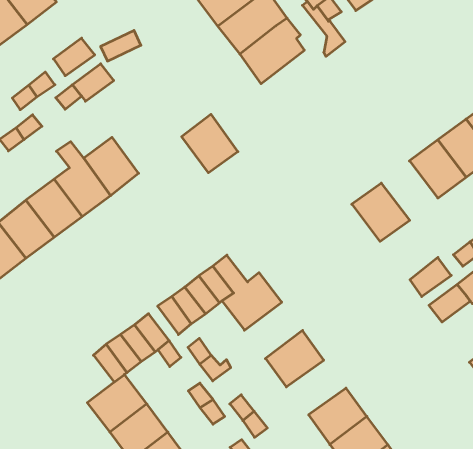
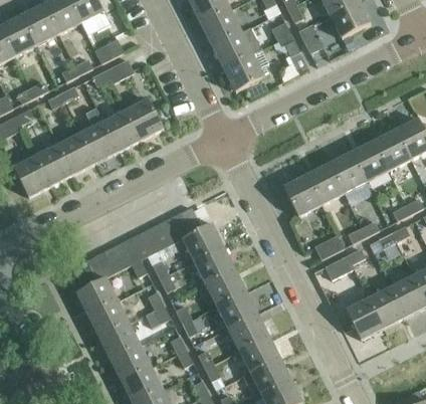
building: [182,114,238,173] -> [126,98,163,139]
building: none -> [306,163,344,204]
building: none -> [194,245,234,282]
building: none -> [216,290,257,327]

